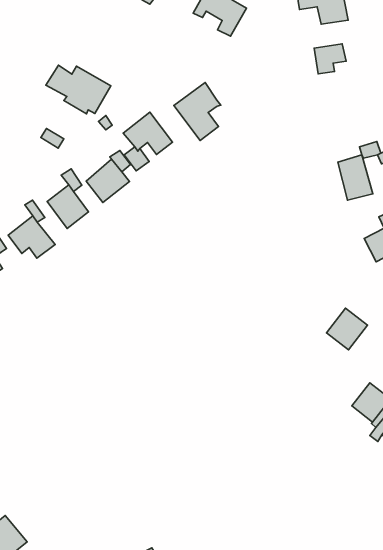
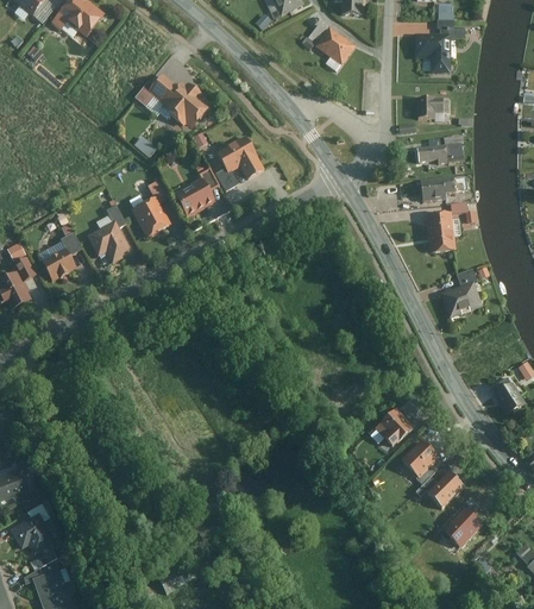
building: [174,83,221,140] -> none
building: none -> [415,140,465,163]
building: none -> [420,175,454,200]
building: [327,308,367,350] -> [373,406,415,447]

